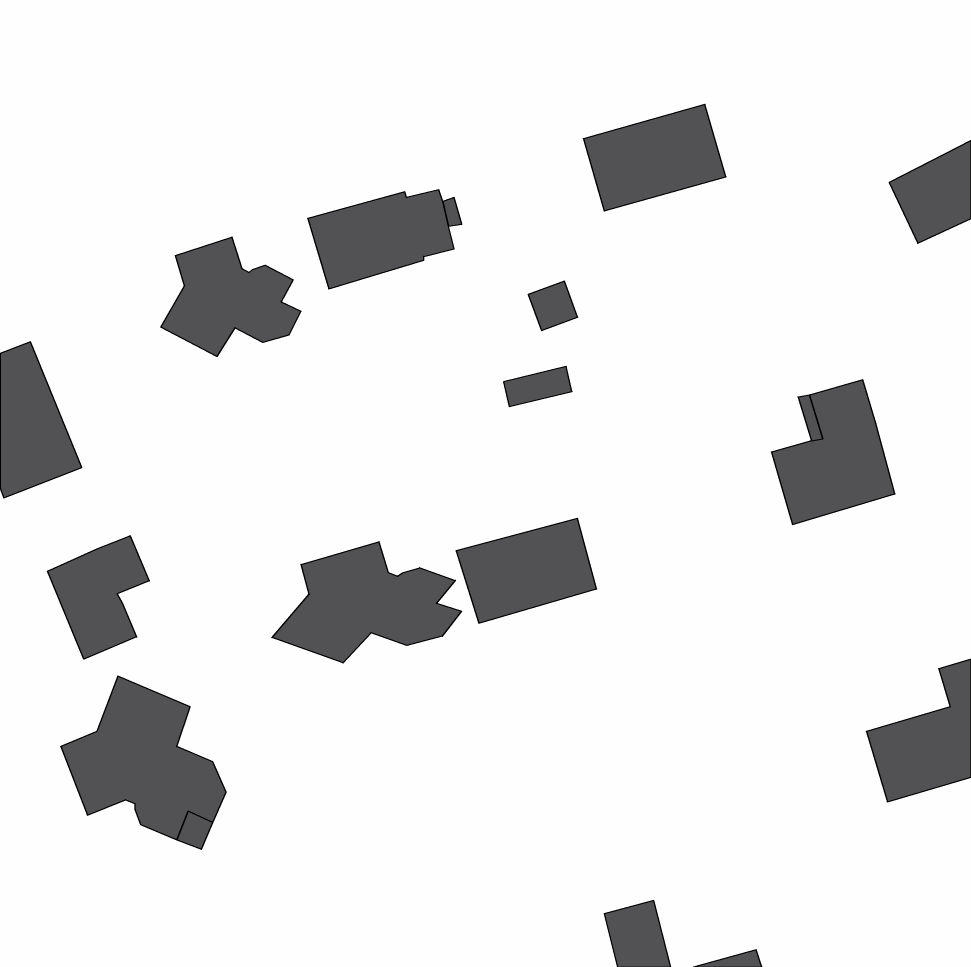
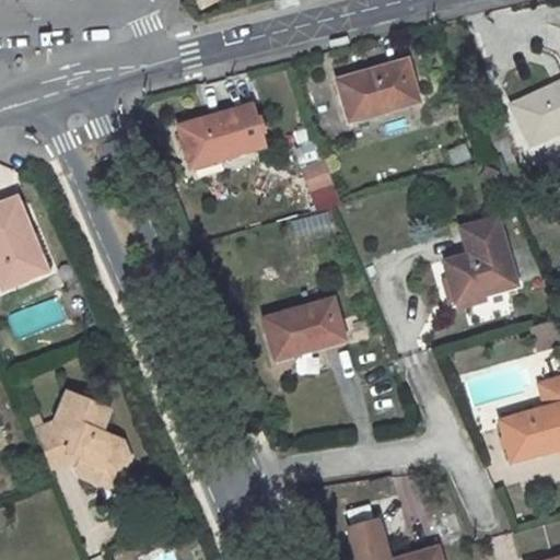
building: [161,237,301,356] -> none
building: [47,536,149,659] -> none
building: [272,542,462,663] -> none

